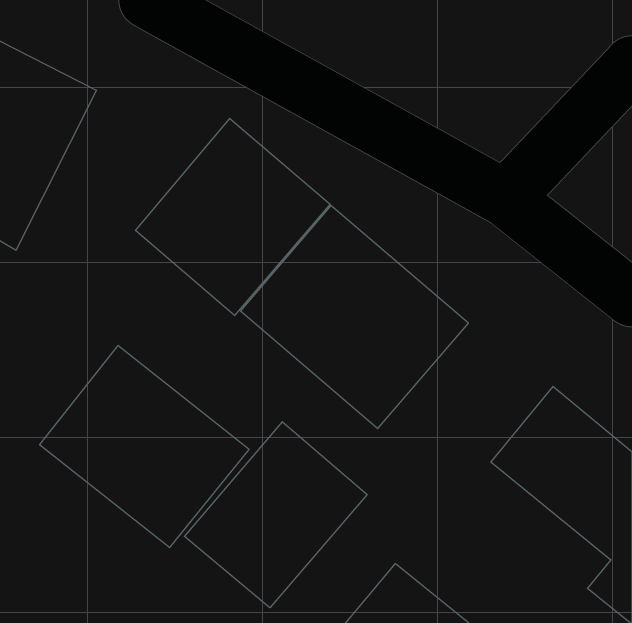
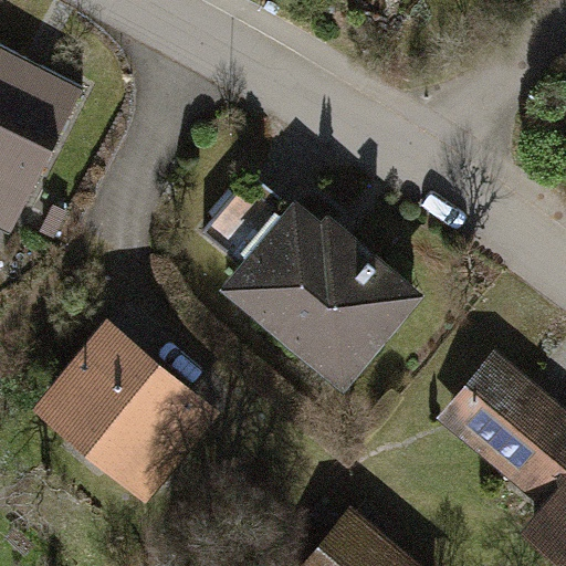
building: [135,118,330,316] -> none
building: [184,422,367,608] -> none

